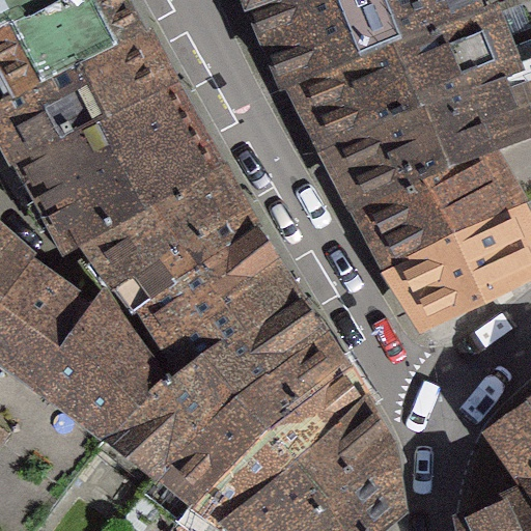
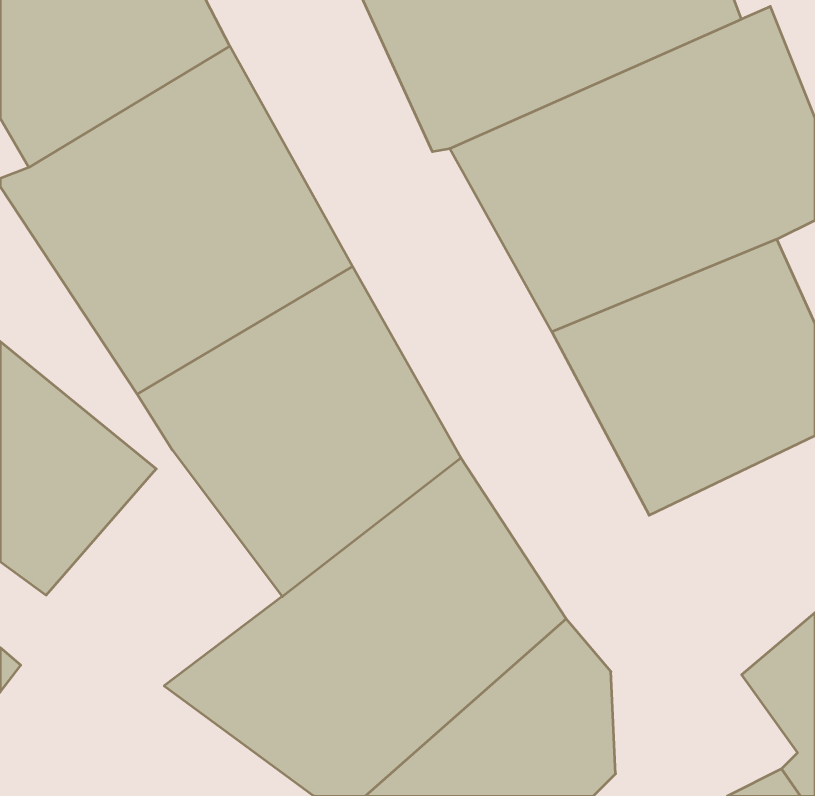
building: [30,292,184,446] -> none

